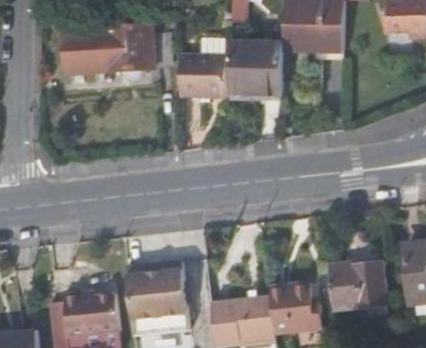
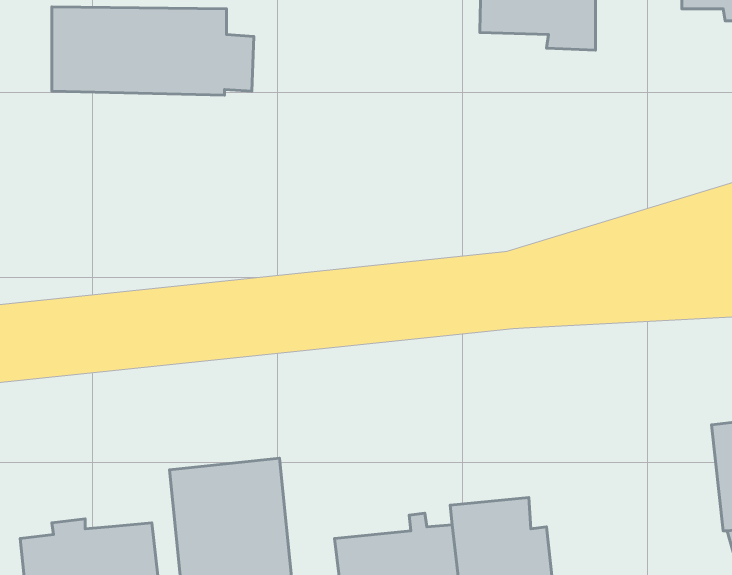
building: [178,38,224,95] -> none
building: [229,42,283,97] -> none
building: [326,261,387,308] -> none

